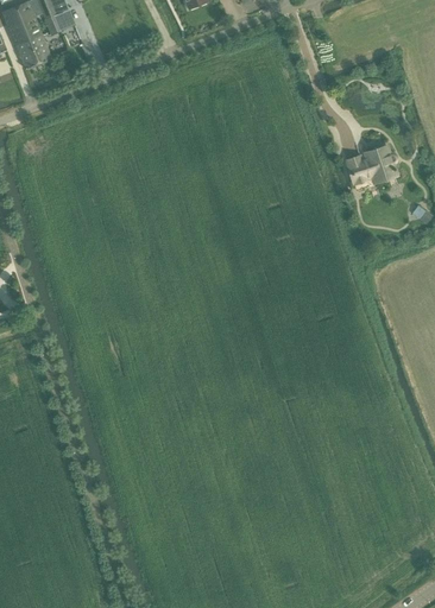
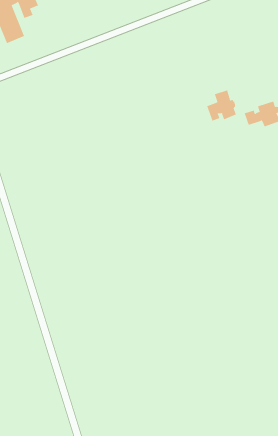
building: none -> [207,89,237,122]

